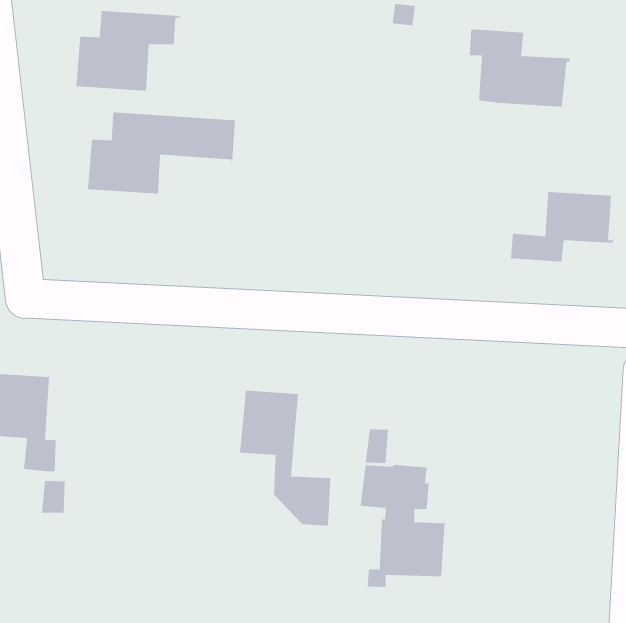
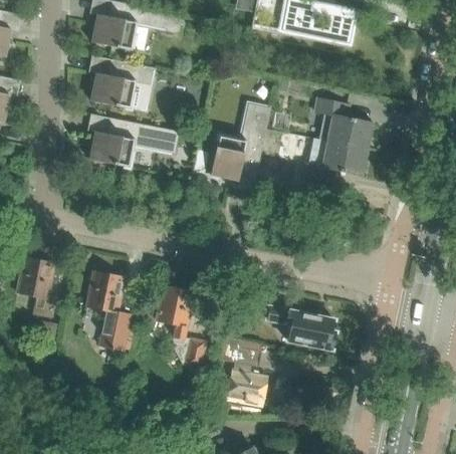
building: none -> [210,105,270,192]
building: [510,191,614,262] -> [302,142,365,183]
building: none -> [86,271,131,351]
building: none -> [267,306,335,350]

